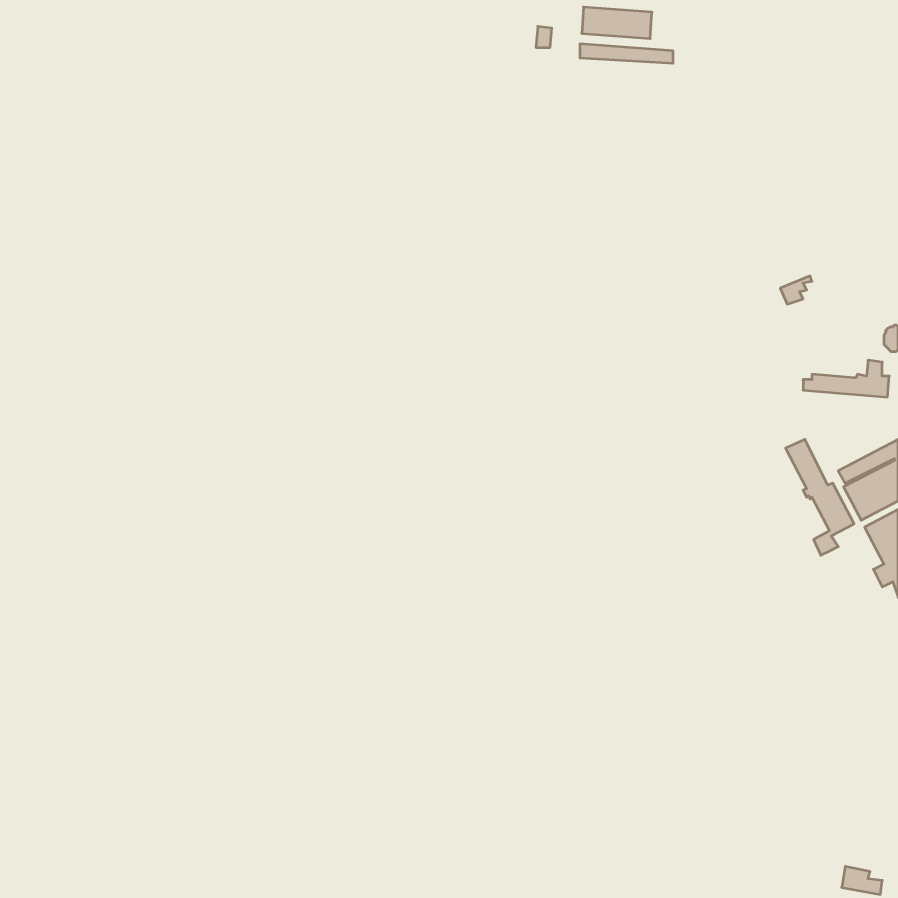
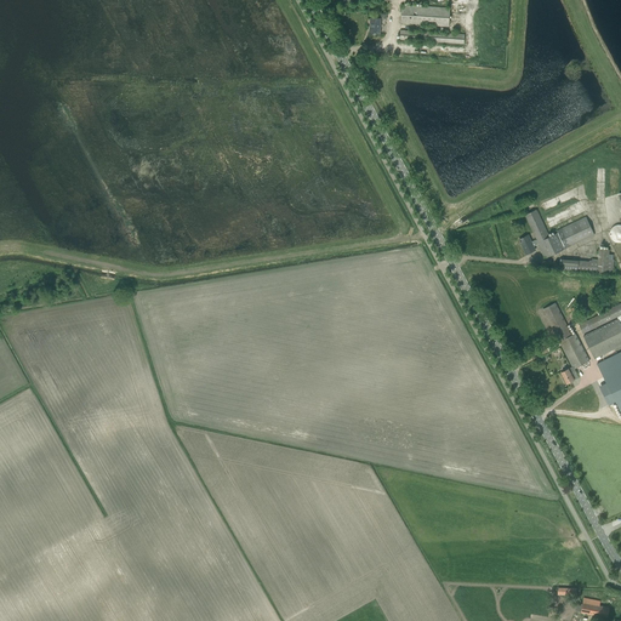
building: none -> [519,210,594,258]

